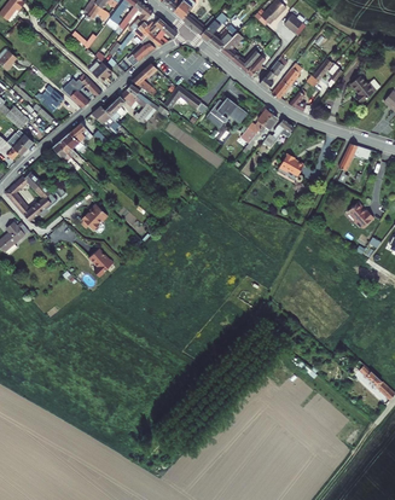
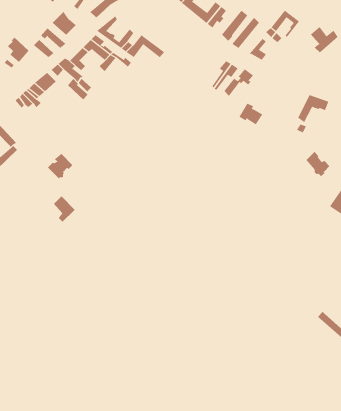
building: [207,97,249,127] -> none

